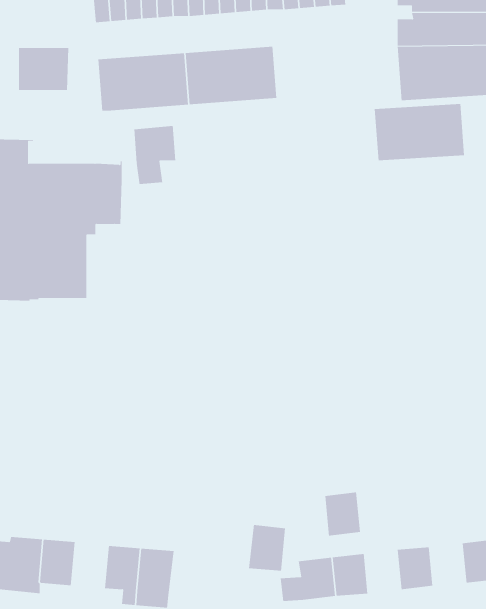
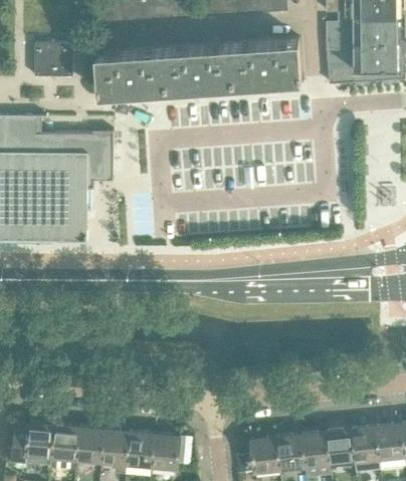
building: [374,104,465,161] -> [229,39,299,83]
building: [134,125,176,185] -> none
building: [324,492,361,536] -> [299,432,328,466]
building: [248,524,286,571] -> [149,433,178,469]
building: none -> [73,426,102,462]
building: none -> [350,427,379,471]

